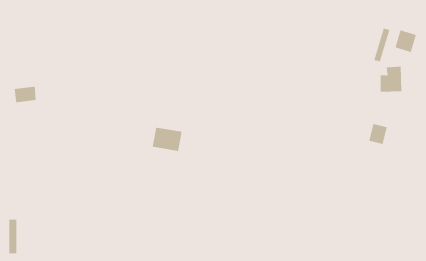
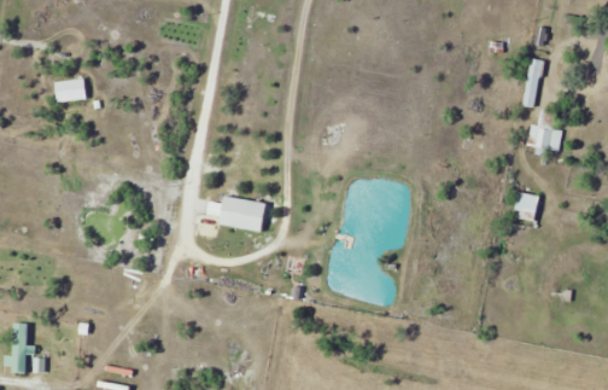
building: [395,30,417,53] -> none
building: [14,86,37,103] -> [46,78,77,101]

